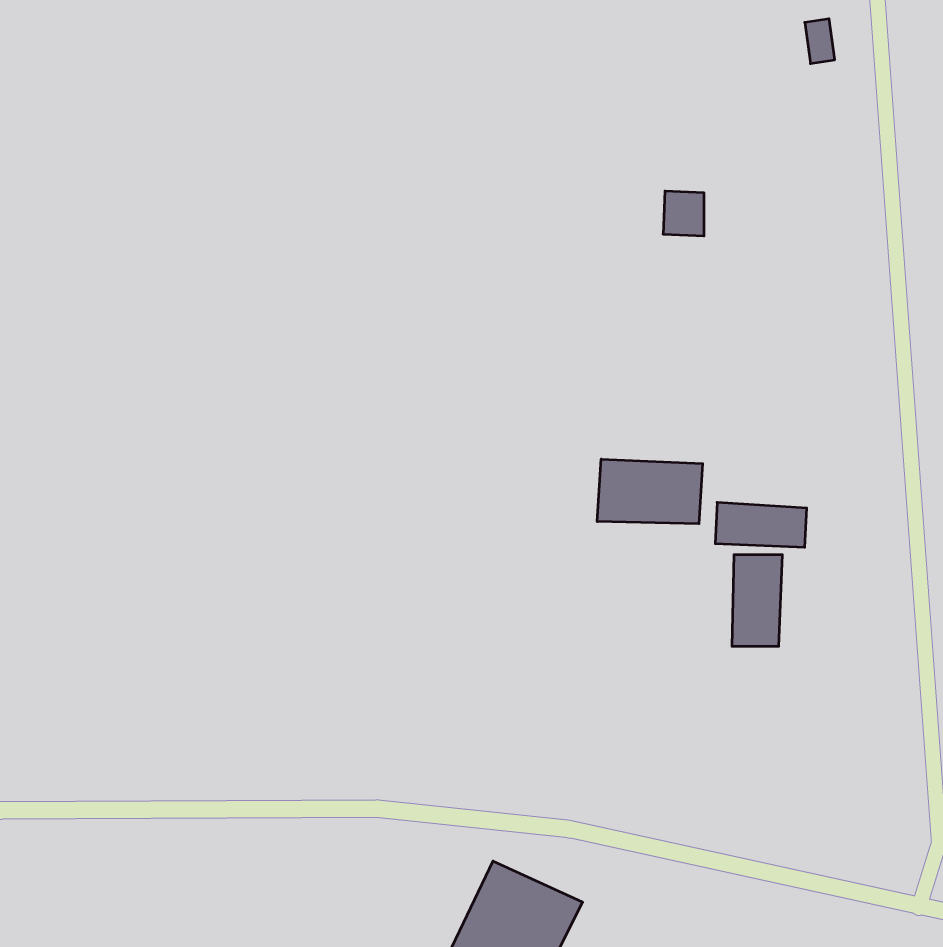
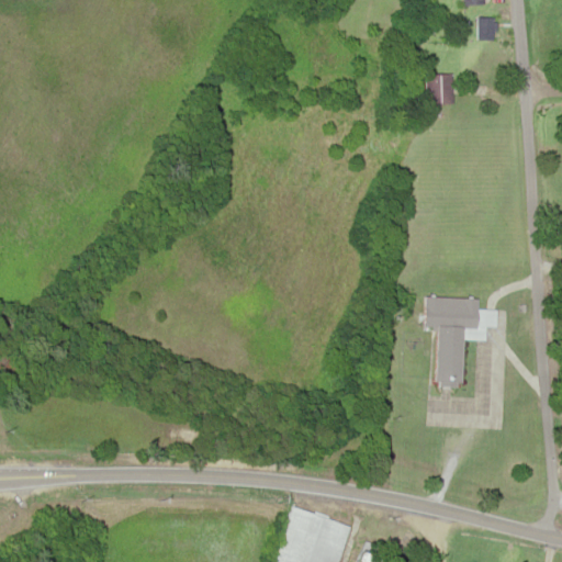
building: [663,191,704,236] -> [428,78,452,104]
building: [597,459,703,524] -> none

